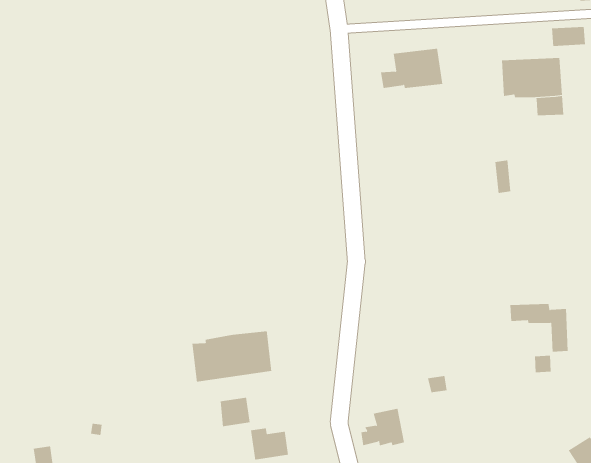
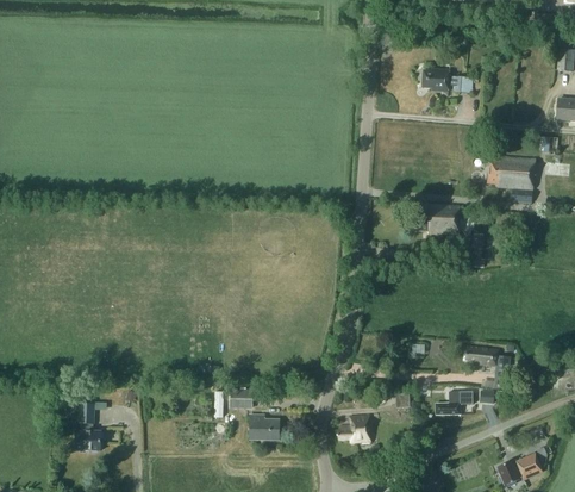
building: [380,48,443,88] -> [412,205,460,235]
building: [192,330,272,383] -> none
building: none -> [436,391,473,415]

